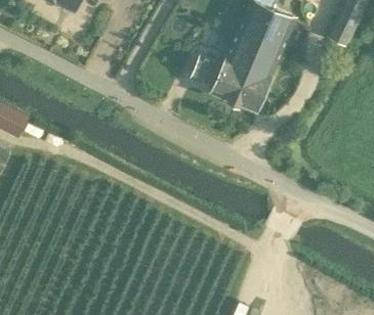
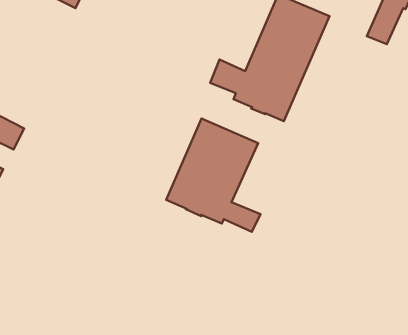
building: none -> [166,118,260,232]

